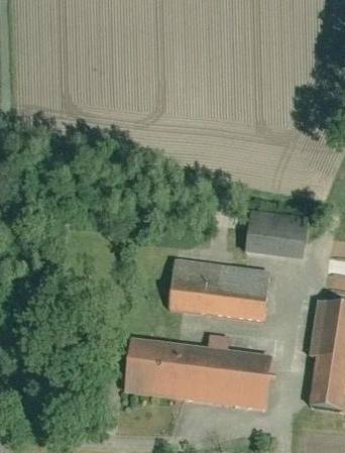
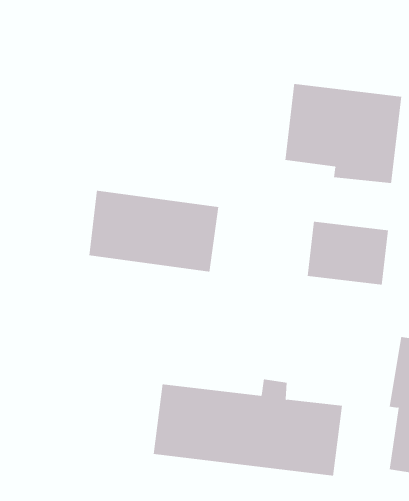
building: none -> [285,83,402,184]
building: [168,257,271,322] -> [88,190,219,272]

